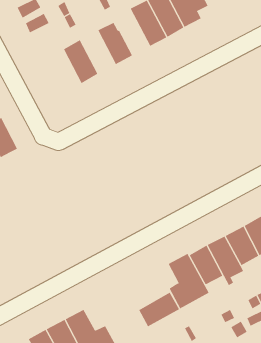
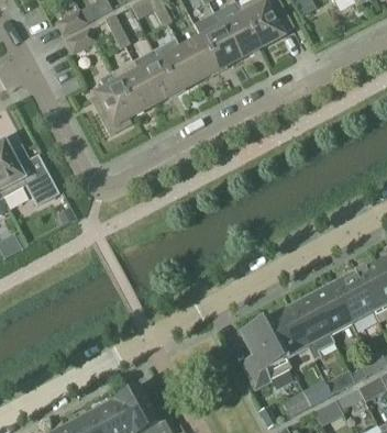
building: none -> [180,37,218,80]
building: none -> [133,49,176,102]
building: none -> [96,73,134,134]
building: [139,292,180,327] -> none

